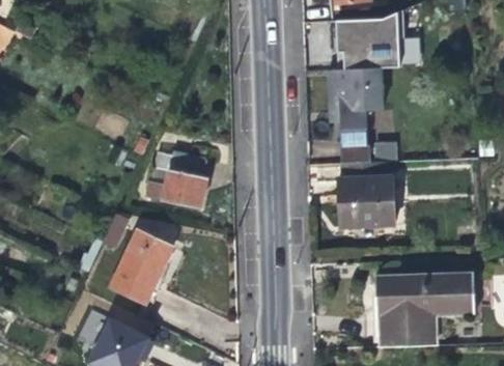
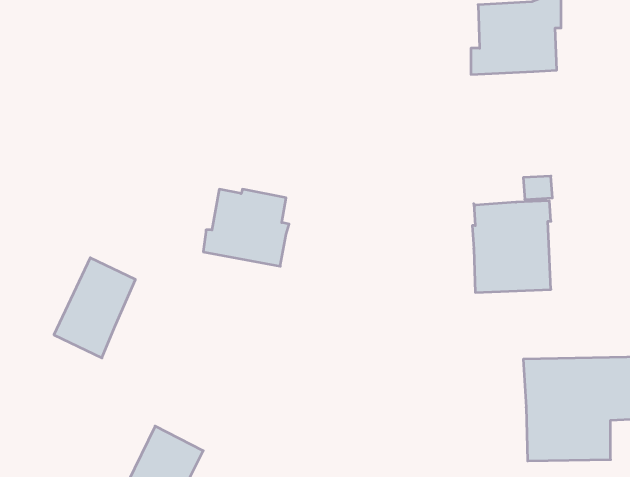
building: [328,68,385,164] -> none
building: [113,231,171,303] -> [54,258,135,358]

